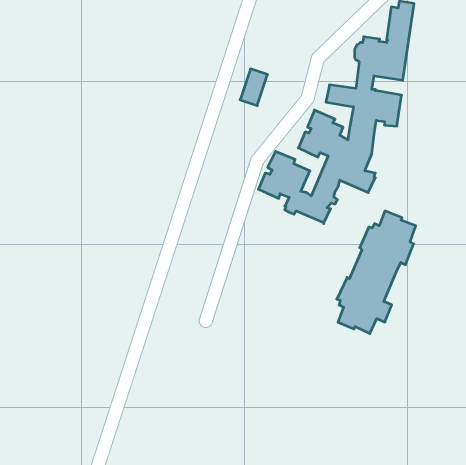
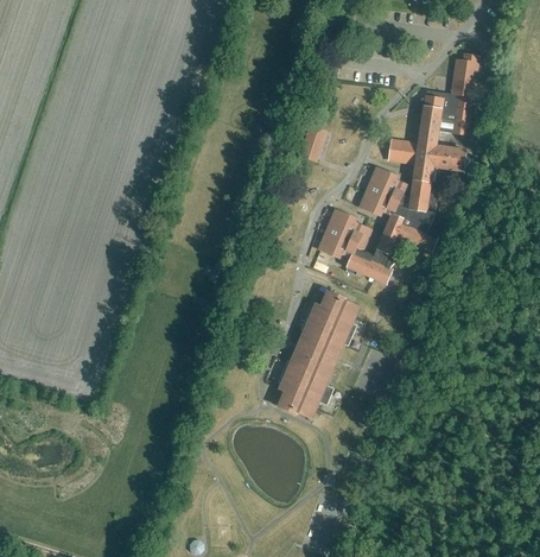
building: [337,211,416,334] -> [277,290,358,417]

